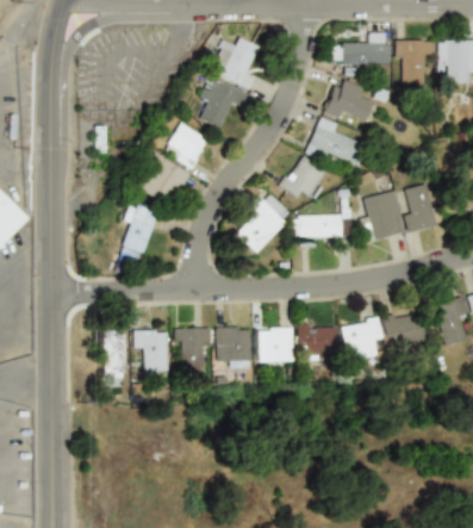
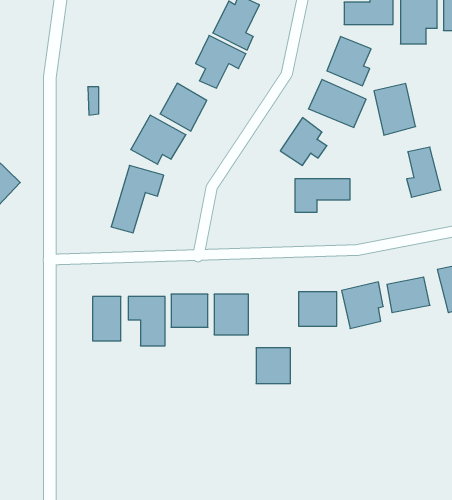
building: [365,190,405,240] -> [374,84,416,135]
building: [238,195,288,253] -> none
building: [260,327,293,361] -> [256,348,290,384]

